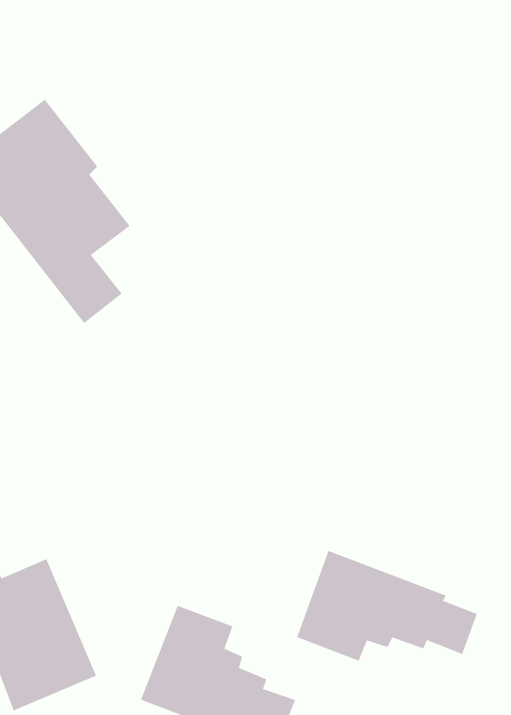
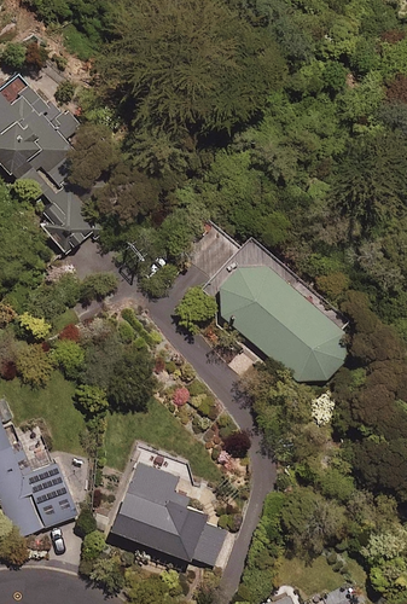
building: none -> [203,237,348,382]
building: [296,550,478,661] -> none

